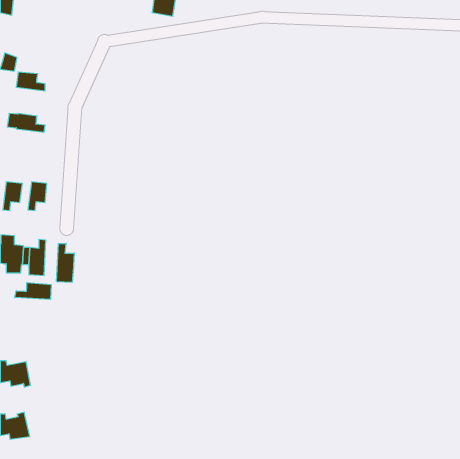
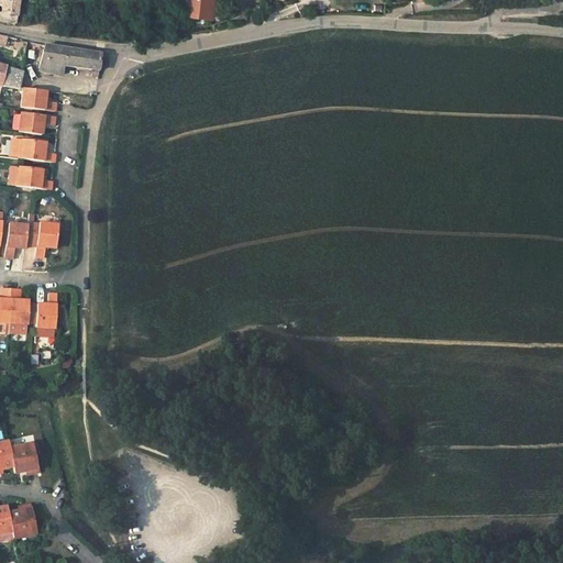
building: none -> [38,44,101,75]
building: none -> [18,112,55,134]
building: none -> [8,165,52,189]
building: [57,243,74,282] -> none
building: [15,283,51,299] -> none

